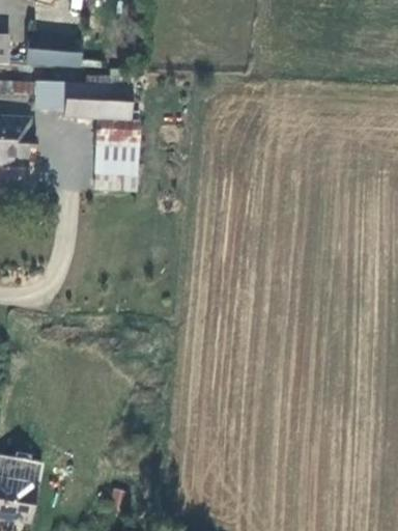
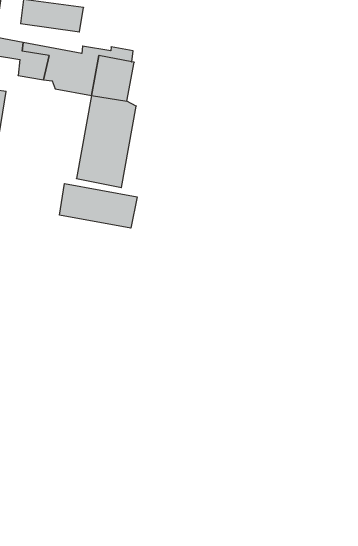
building: none -> [60,184,137,228]

